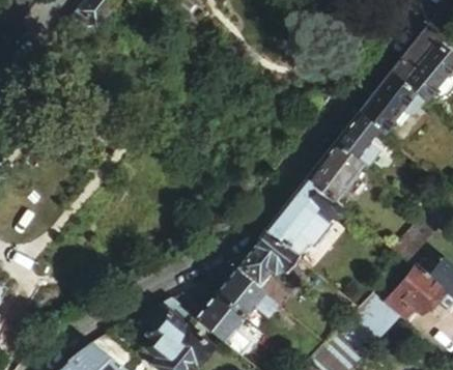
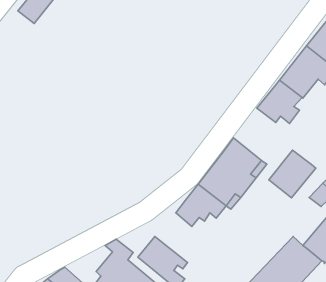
building: [305,146,359,201] -> [269,150,316,198]
building: [215,269,275,332] -> none

